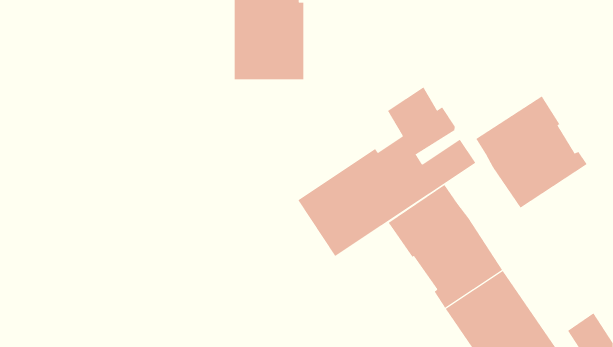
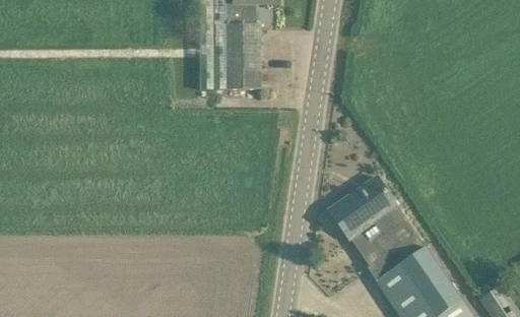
building: [297,86,476,257] -> none
building: [476,96,588,209] -> none

